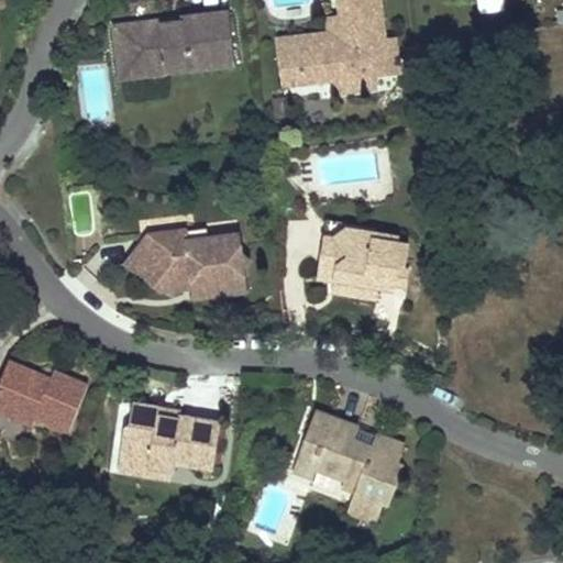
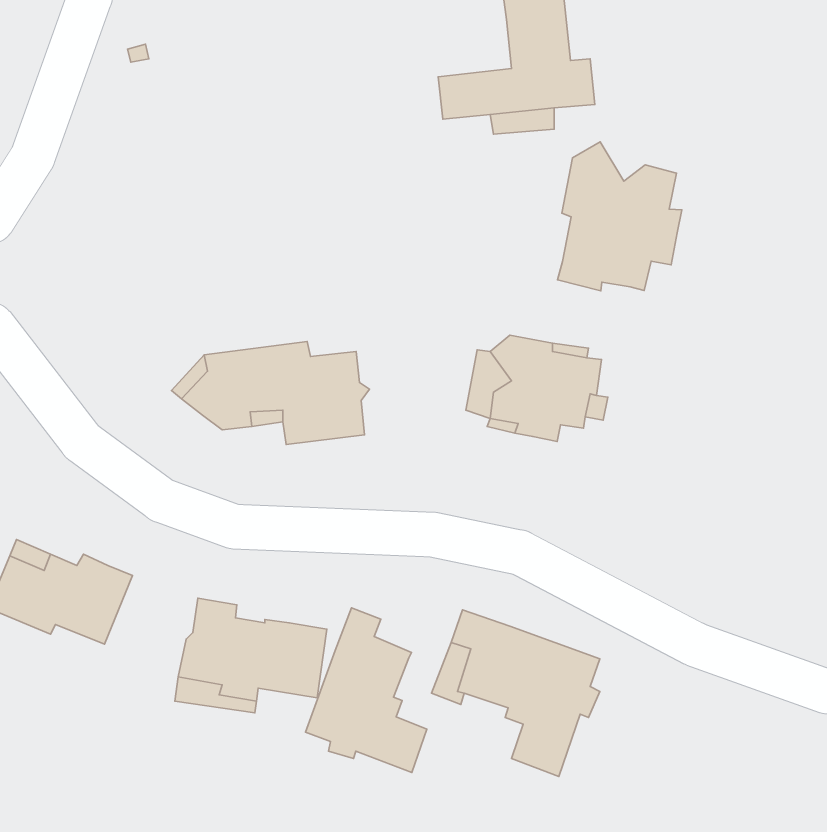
building: [113,12,232,79] -> none
building: [276,13,344,84] -> none
building: none -> [558,142,682,291]
building: none -> [305,608,427,773]

